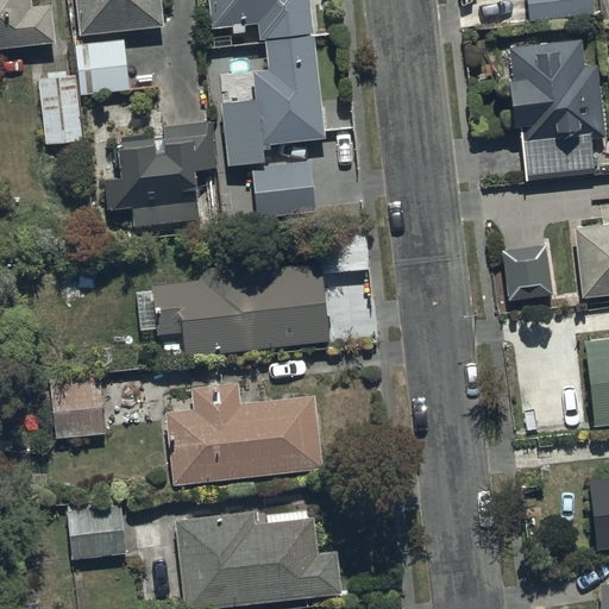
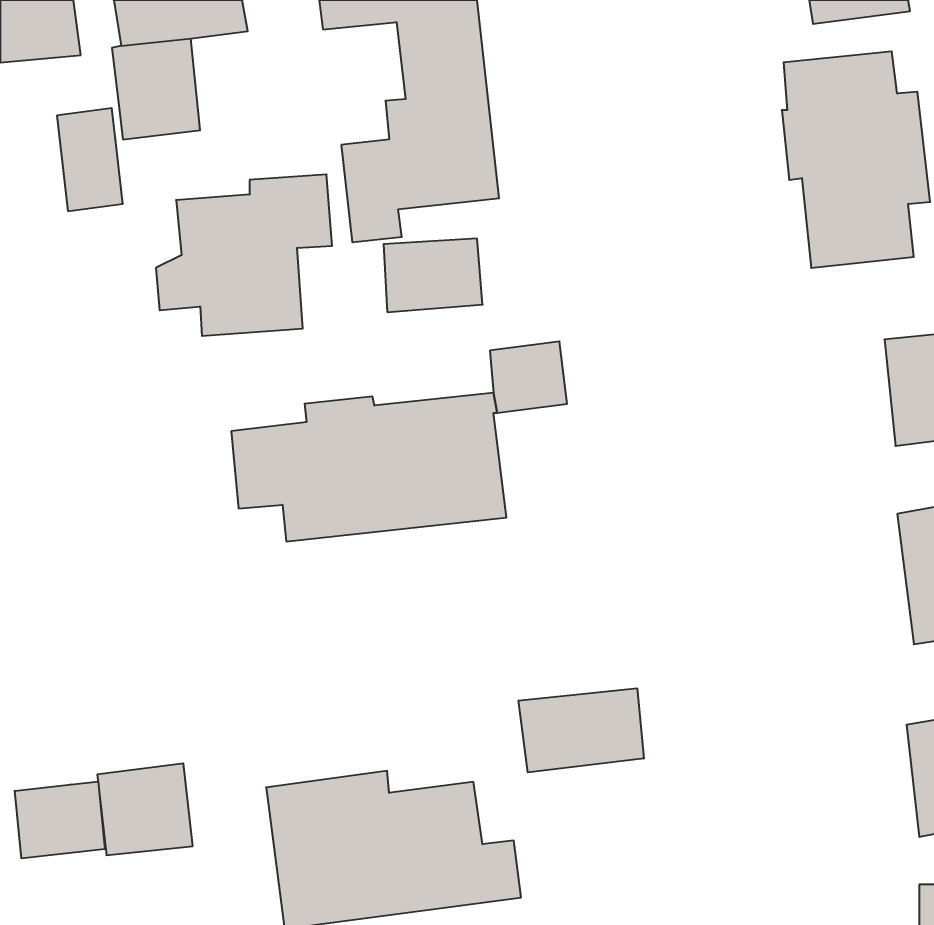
building: [502,243,553,303] -> none
building: [49,378,105,434] -> none
building: [165,381,322,484] -> none
building: none -> [518,688,644,772]
building: none -> [15,782,105,858]

